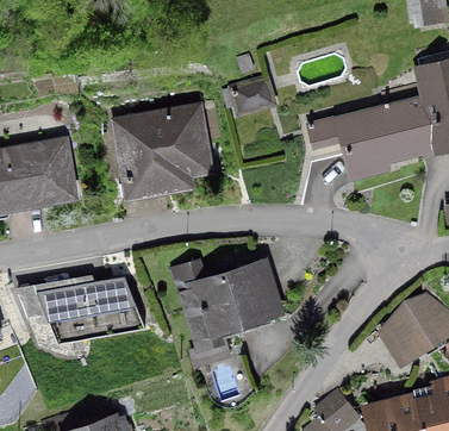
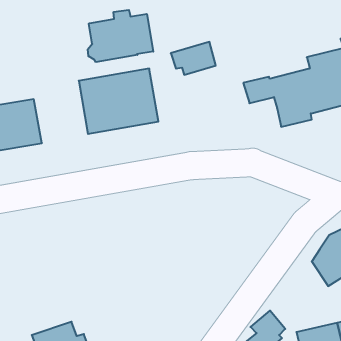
building: none -> [88,10,153,62]
building: [170,260,270,366] -> none
building: [38,275,146,344] -> none

